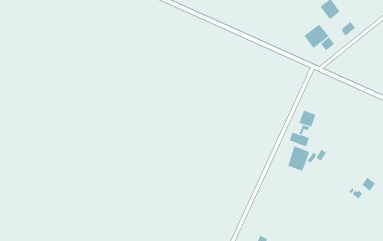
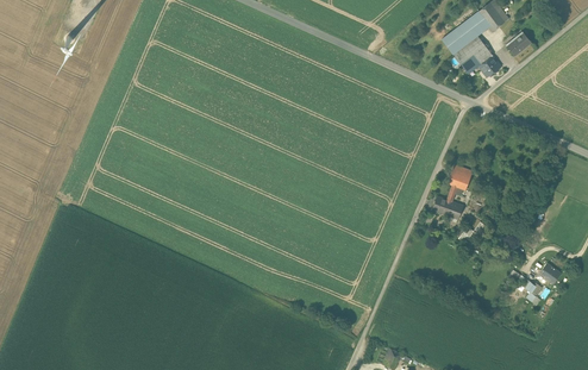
building: none -> [442,11,489,54]
building: [288,146,310,171] -> none

